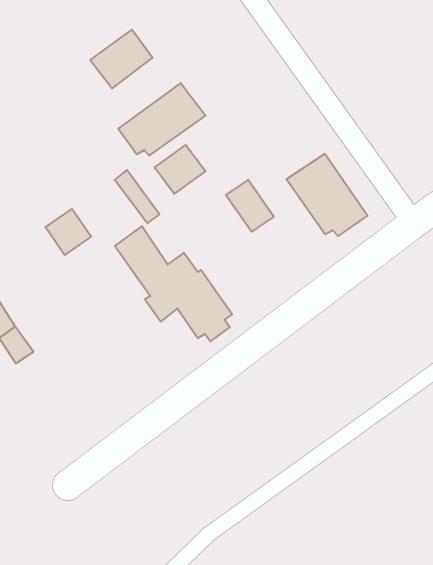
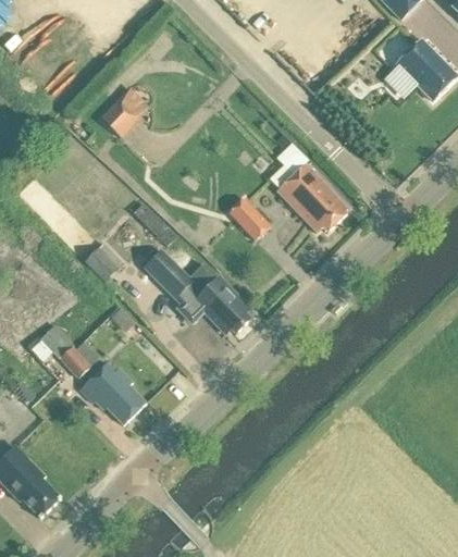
building: [118,83,205,156] -> none
building: [155,145,205,194] -> none
building: none -> [78,361,145,423]

